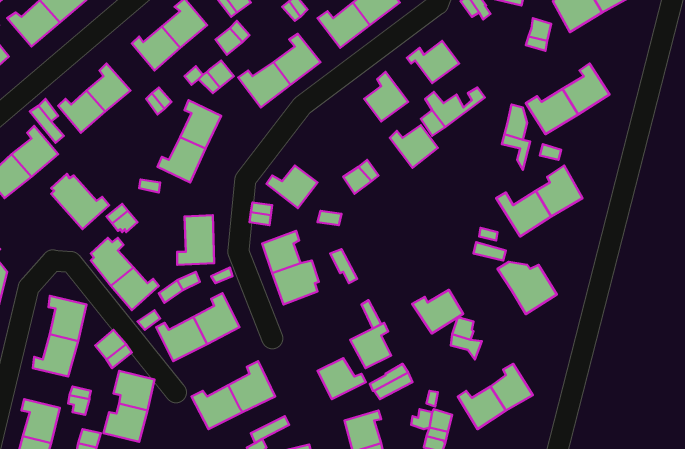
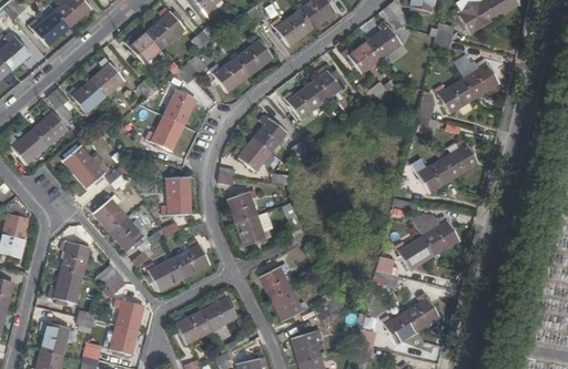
building: none -> [368,21,402,59]
building: [390,125,438,168] -> [283,86,321,120]
building: none -> [253,114,286,152]
building: [412,290,463,334] -> [394,236,434,270]
building: [350,323,391,368] -> [258,264,291,299]

